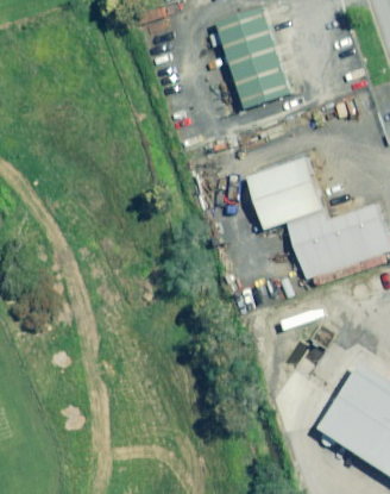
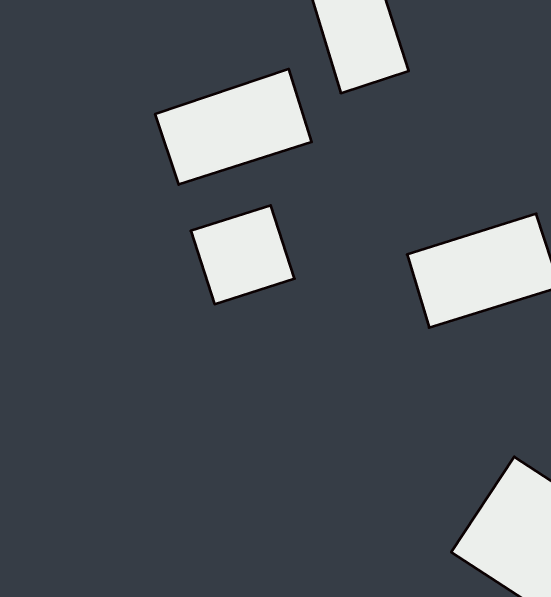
building: none -> [155,69,312,185]
building: [246,157,319,226] -> [191,205,295,304]

